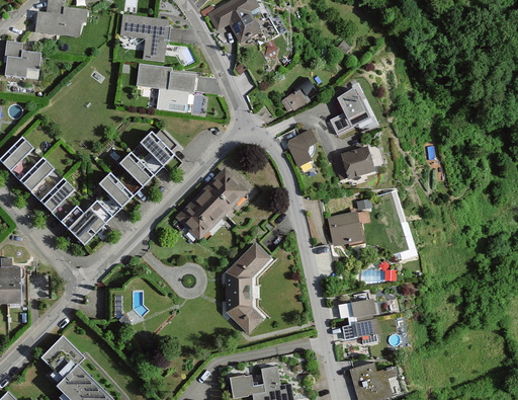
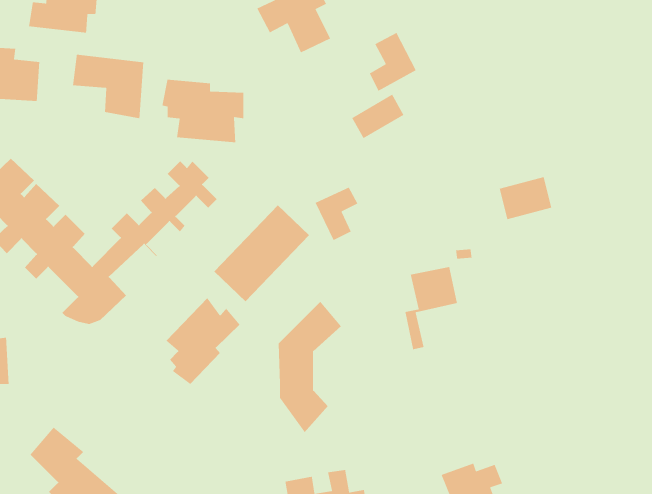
building: [120,19,175,69] -> [72,54,144,119]
building: [331,88,367,134] -> [369,32,417,92]
building: [283,129,317,170] -> [315,186,359,241]
building: [334,147,374,180] -> [499,176,552,220]
building: none -> [165,297,241,385]
building: [336,298,378,340] -> none

